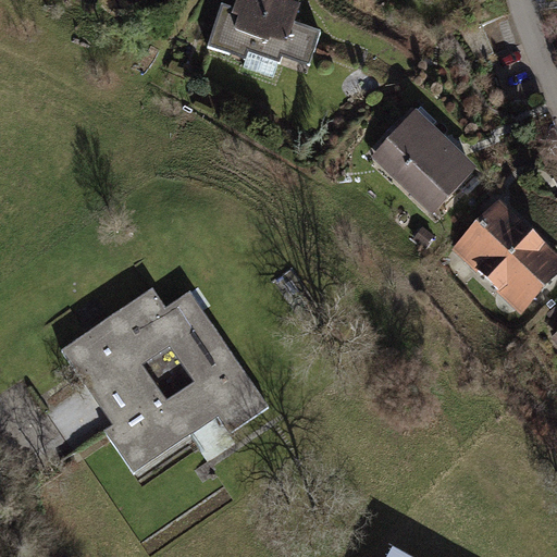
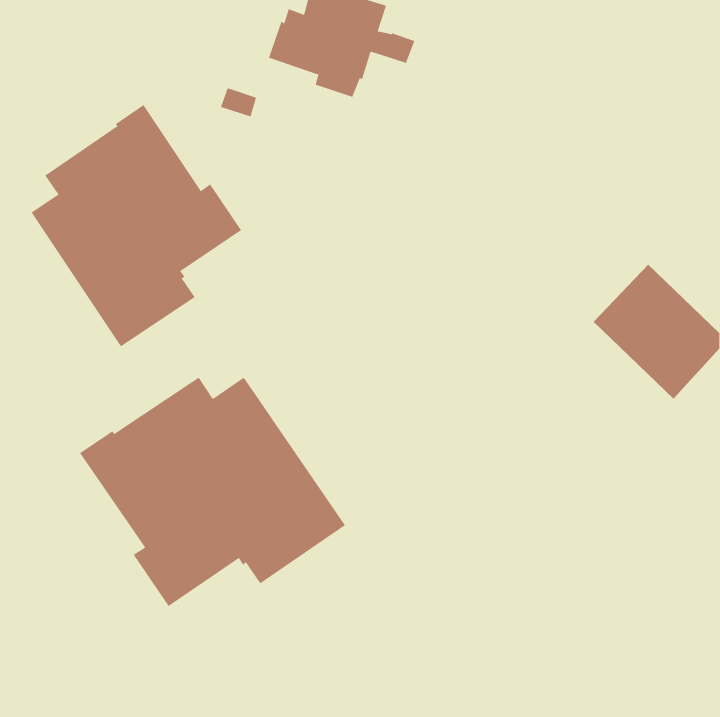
building: none -> [31,104,242,347]
building: [382,114,471,209] -> none

